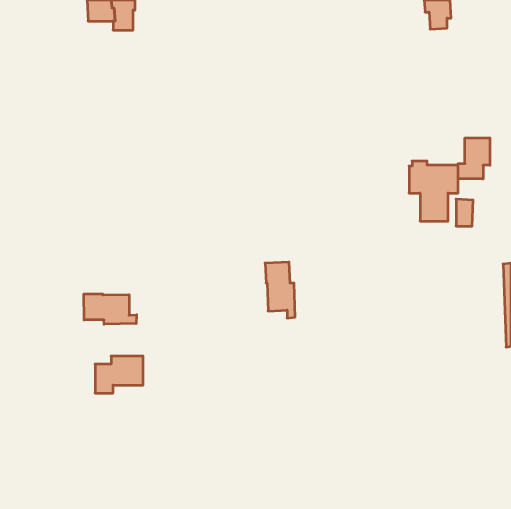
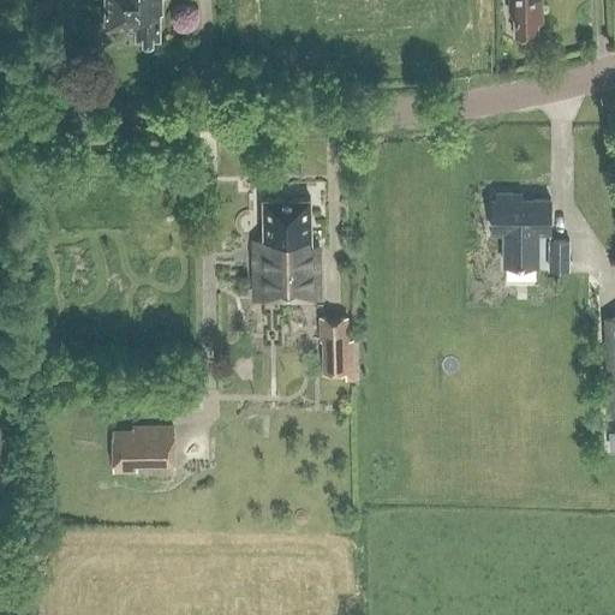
building: [458,138,490,179] -> none
building: none -> [252,201,318,297]
building: [84,294,137,324] -> none

